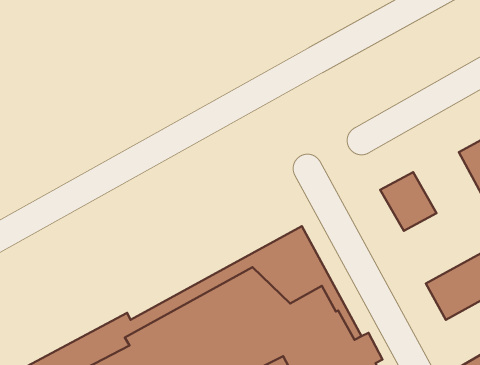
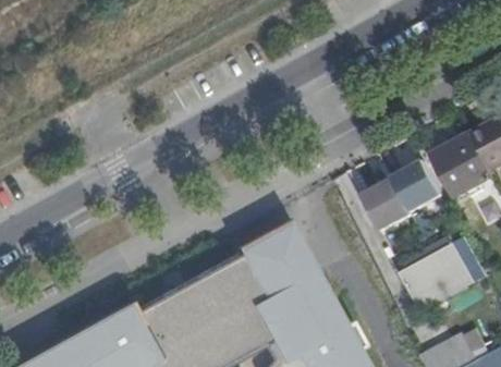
building: none -> [391,157,444,213]

